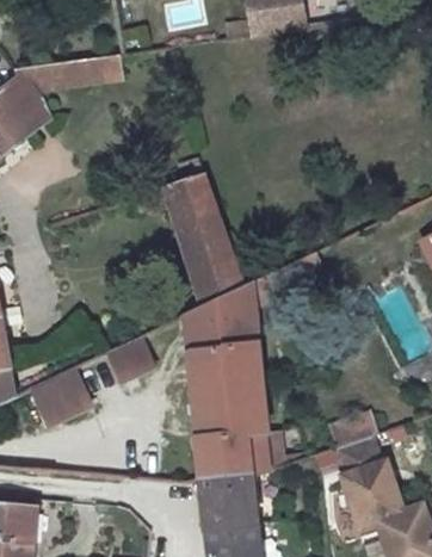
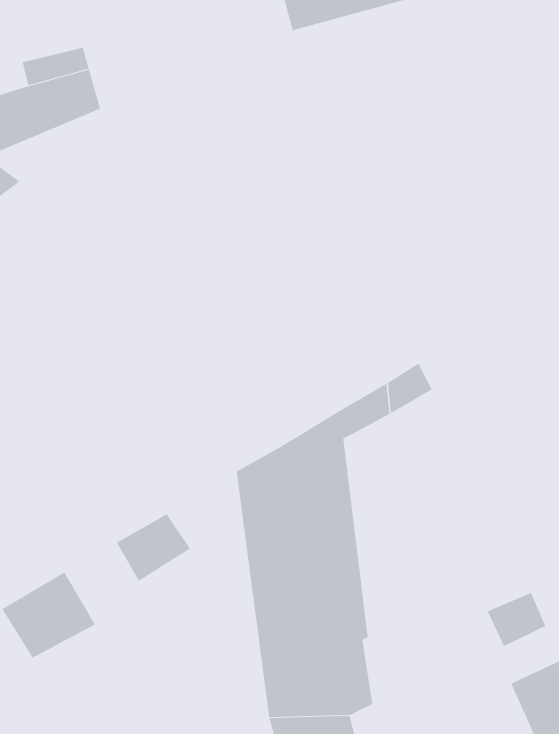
building: [153,159,255,305] -> none

